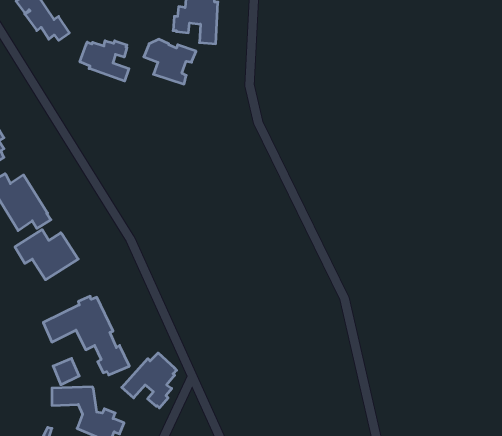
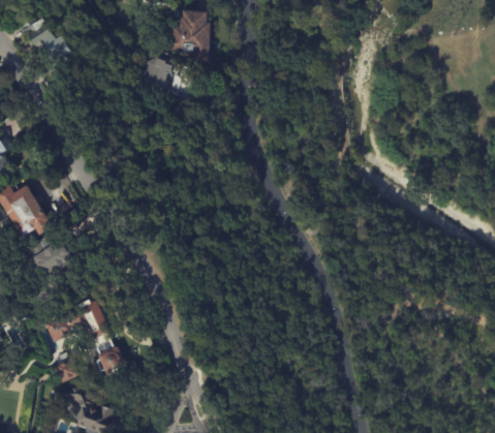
building: [80,41,129,81] -> none
building: [122,353,177,408] -> none

